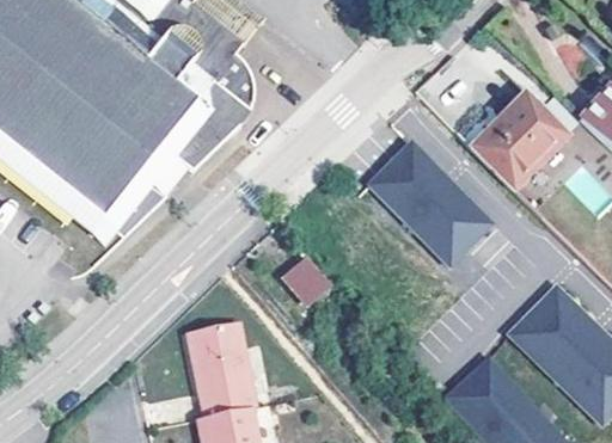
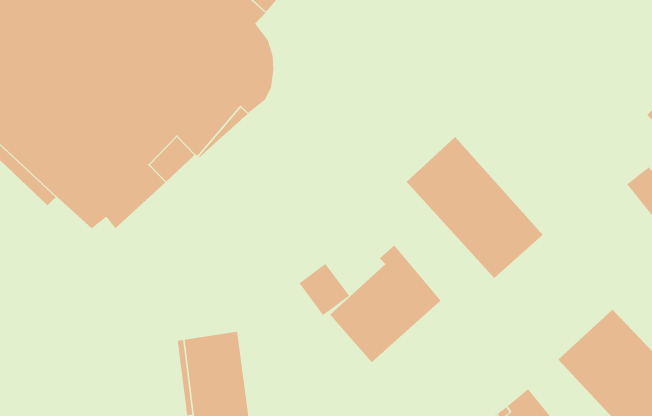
building: [469,94,564,190] -> none
building: none -> [329,245,442,363]

